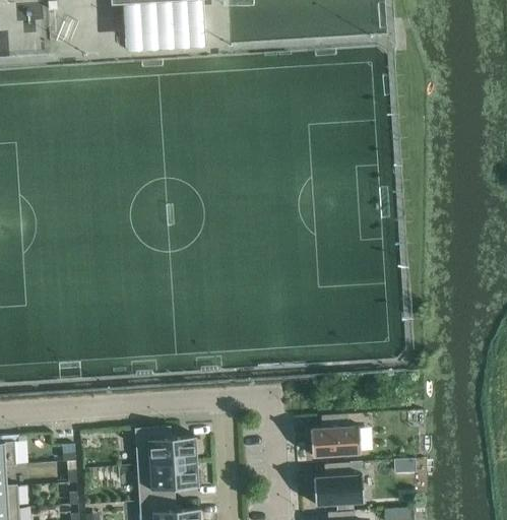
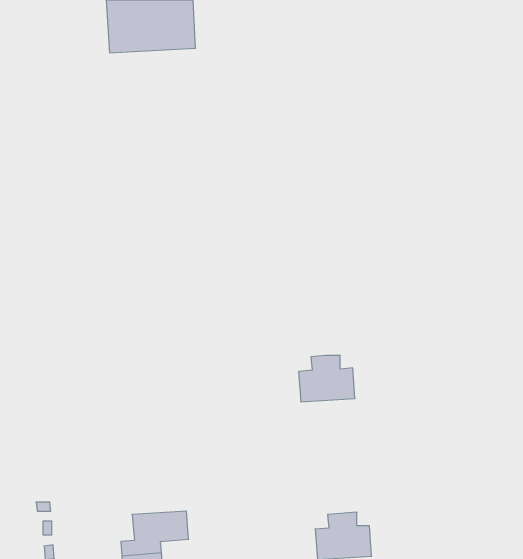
building: [310,416,361,458] -> [299,356,355,402]
building: [134,429,197,466] -> none

